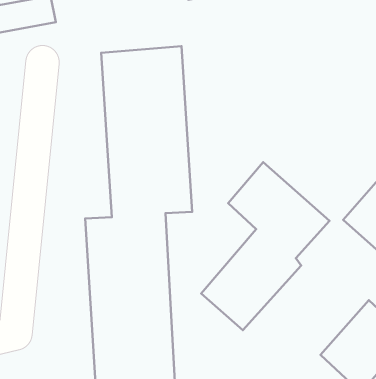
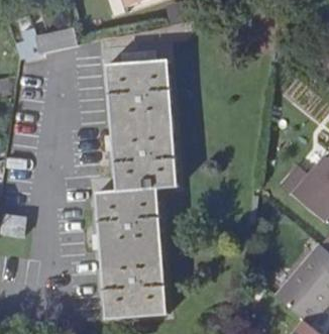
building: [201,162,329,330] -> none

